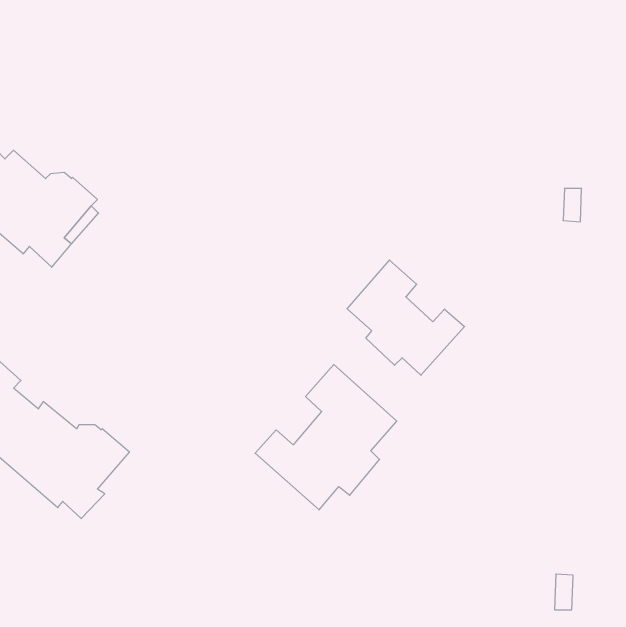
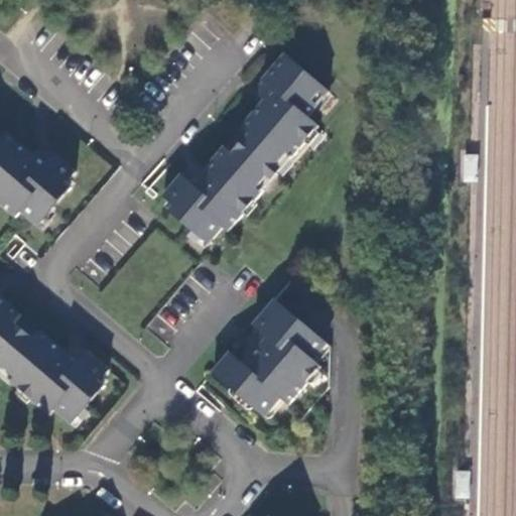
building: none -> [160,54,325,245]
building: [347,260,465,375] -> none

